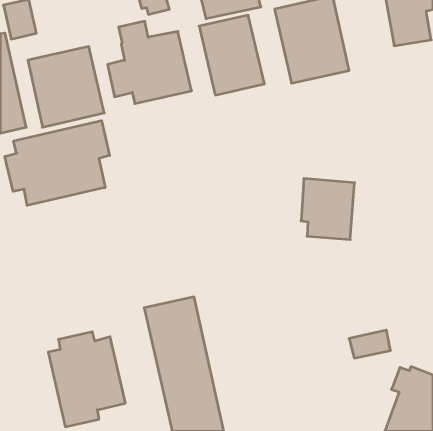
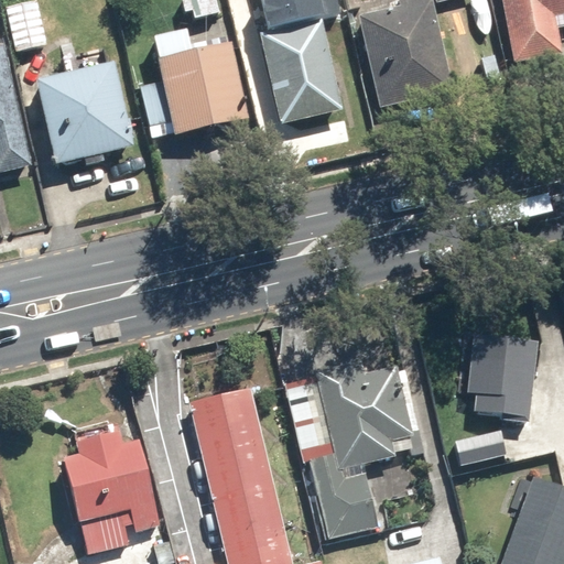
building: [5,121,110,205] -> none
building: [301,179,355,240] -> [466,336,535,415]
building: none -> [284,365,414,539]

